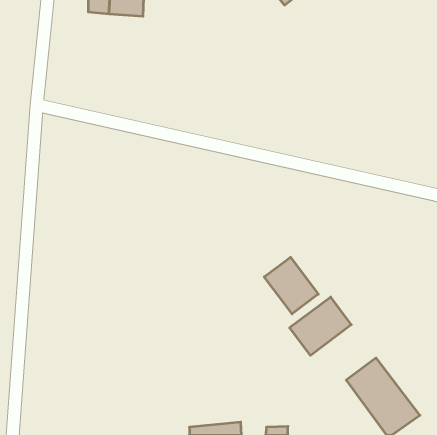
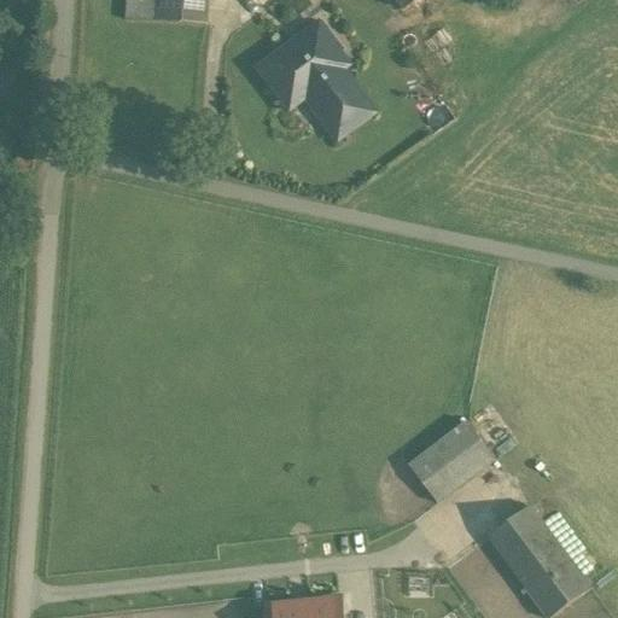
building: none -> [256,22,371,134]
building: [264,257,318,314] -> none

